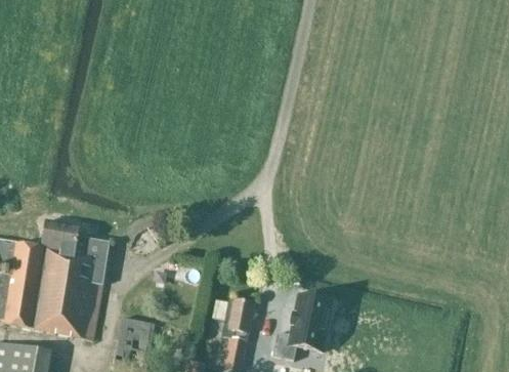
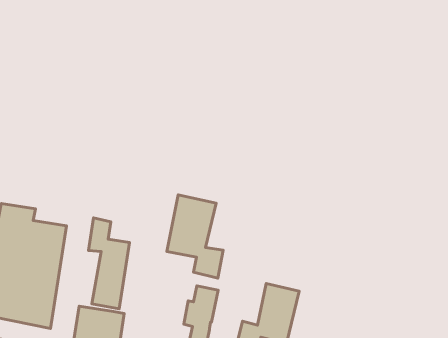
building: none -> [167,195,223,278]
building: none -> [88,218,130,309]

